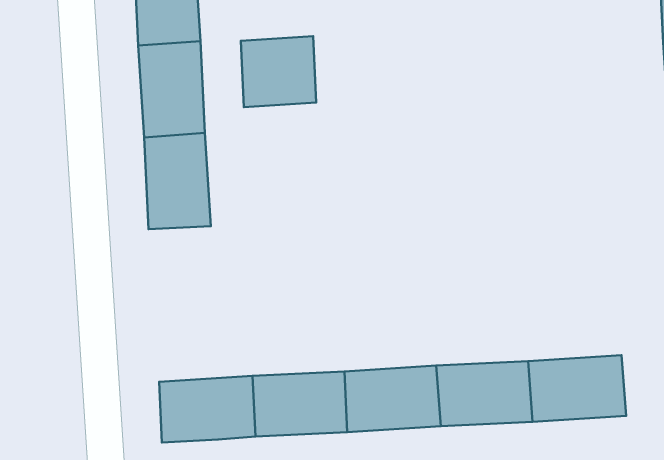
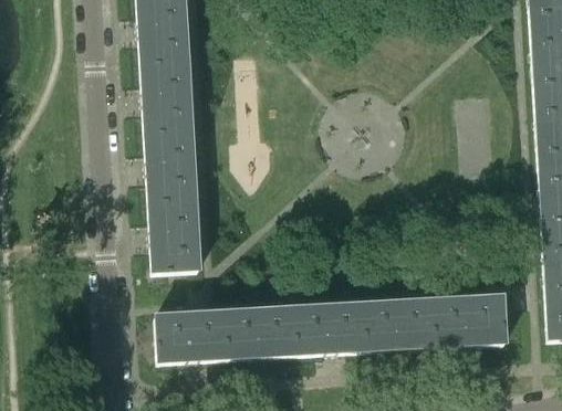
building: [241,36,316,107] -> none
building: none -> [148,201,198,273]

